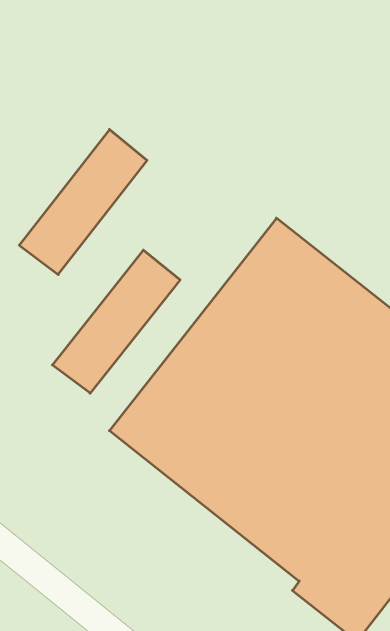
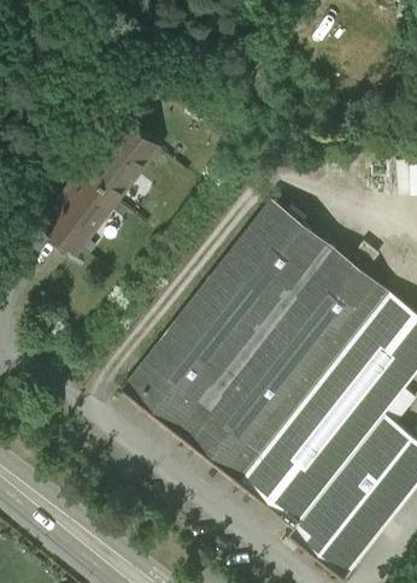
building: [52,250,180,393] -> none

